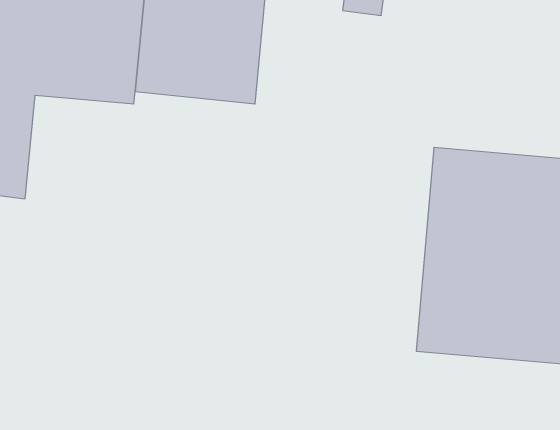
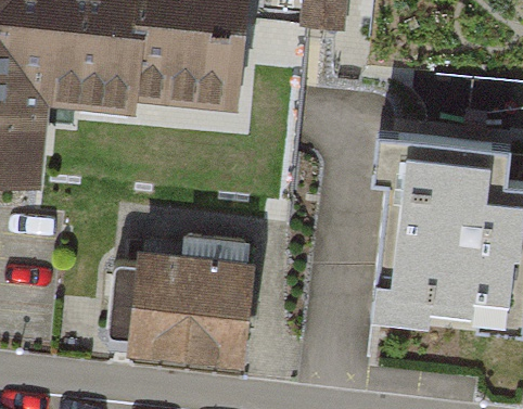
building: none -> [126,251,244,360]

